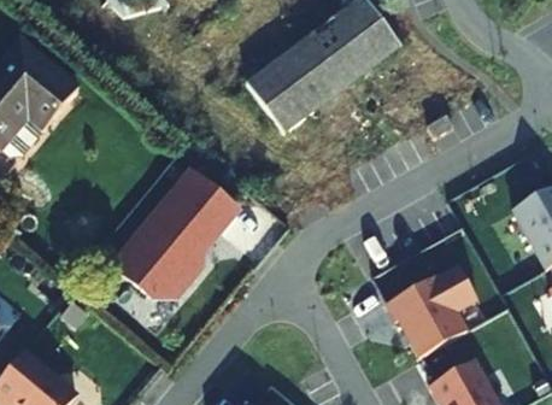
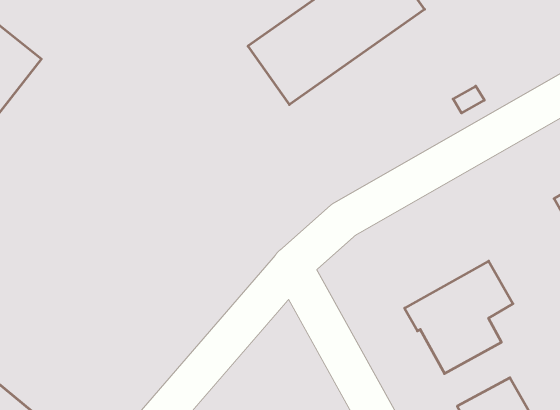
building: [112,169,235,295] -> none

